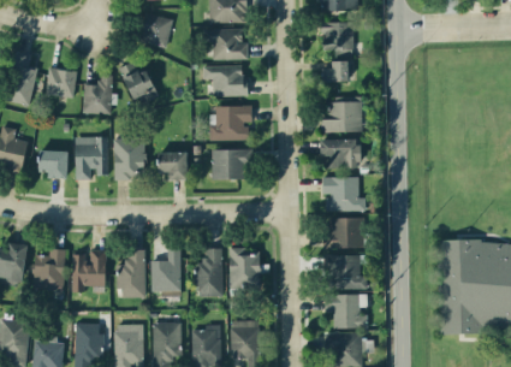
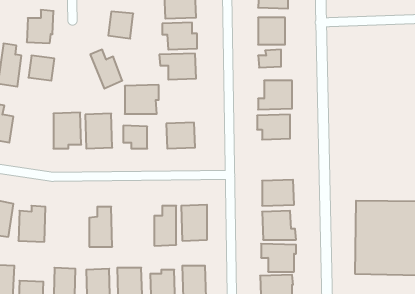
building: [82,75,114,114] -> [27,10,54,43]
building: [210,105,251,140] -> [125,85,159,114]
building: [38,150,67,178] -> none
building: [322,177,364,211] -> none
building: [151,248,180,292] -> none
building: [72,249,106,292] -> none

